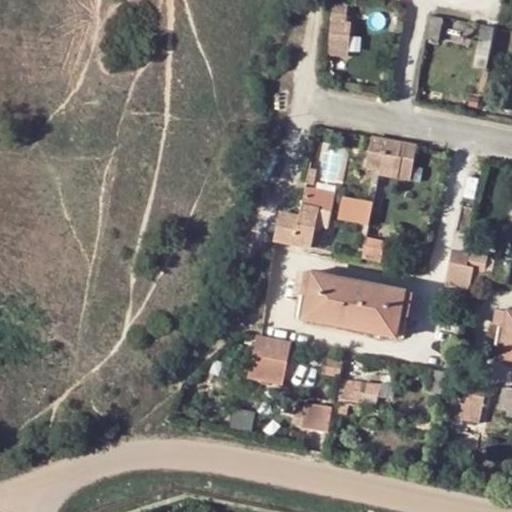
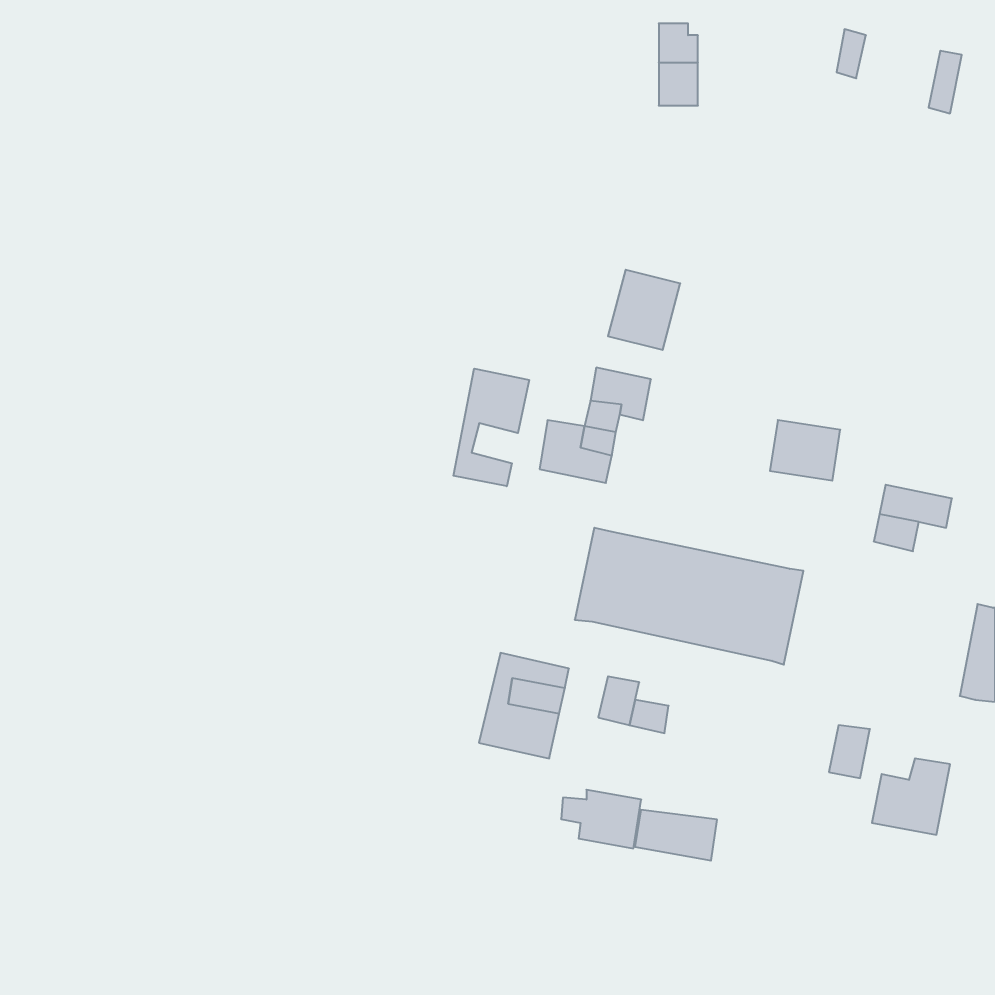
building: [368,135,401,173] -> none
building: none -> [453,369,529,486]
building: [340,193,376,224] -> [770,420,840,481]
building: [334,380,376,406] -> [635,810,717,861]

